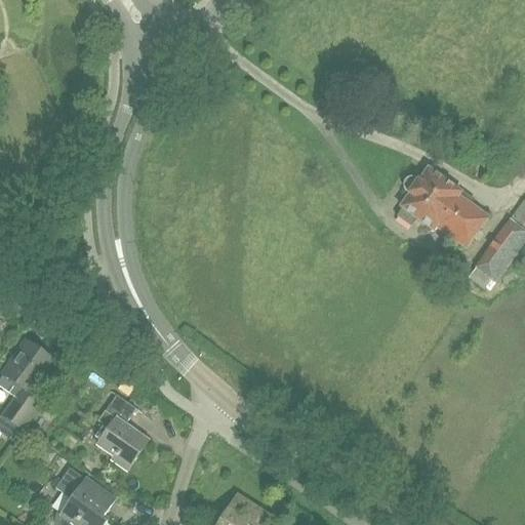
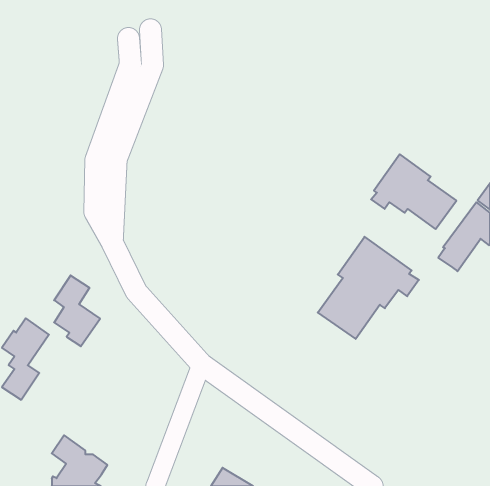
building: none -> [318,237,419,339]
building: [97,393,147,469] -> [54,275,100,346]

